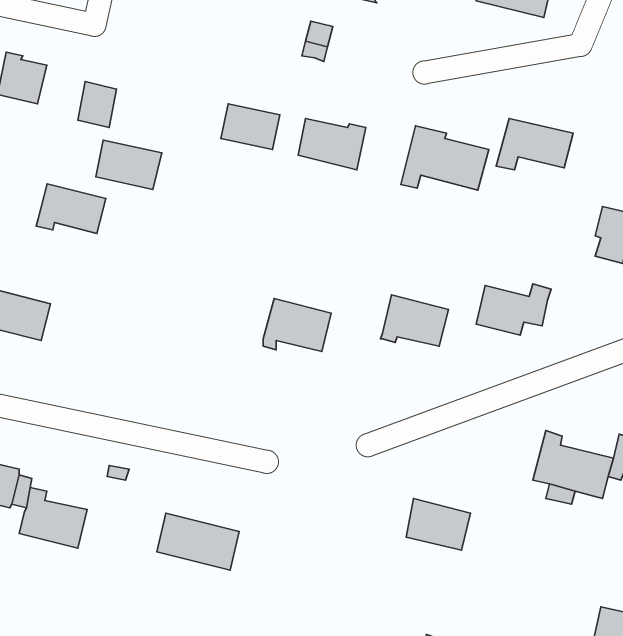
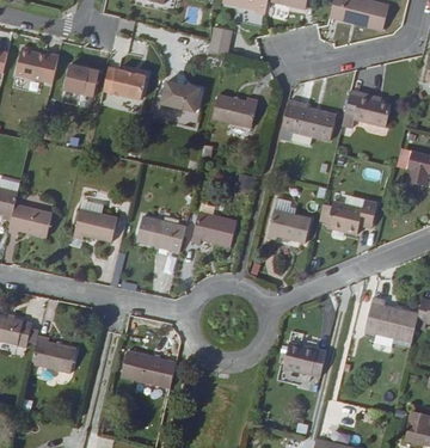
building: [96,140,162,190] -> [104,67,147,99]
building: [36,184,106,234] -> [70,207,116,239]
building: none -> [135,214,184,248]

